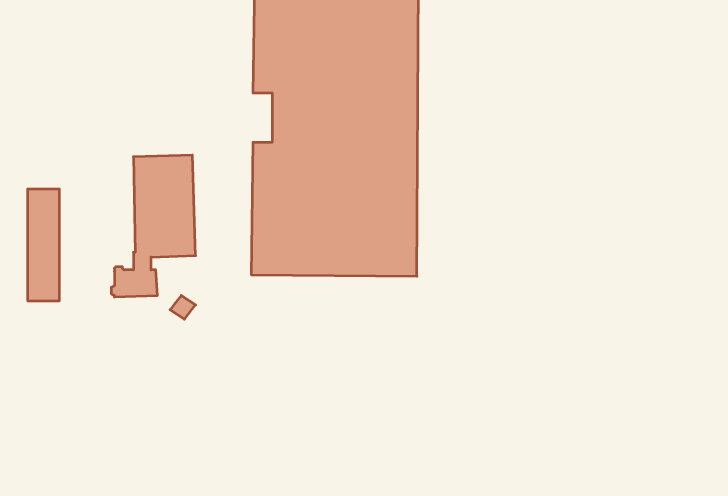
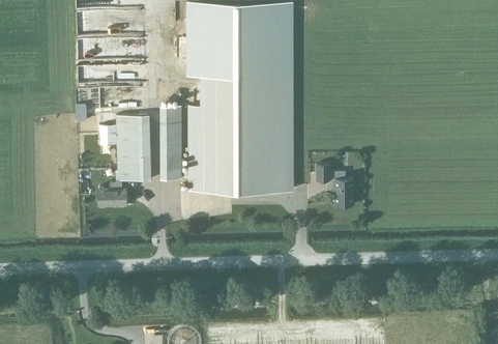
building: [28,189,59,301] -> [159,107,180,179]
building: none -> [316,165,352,205]

